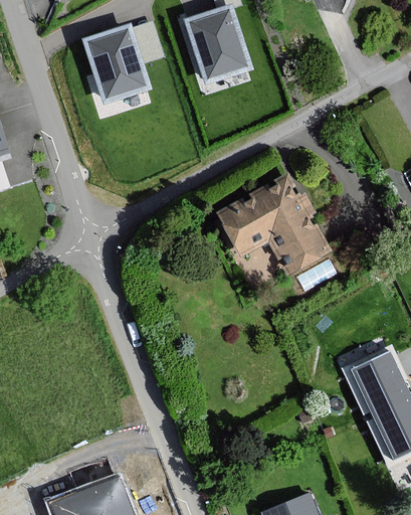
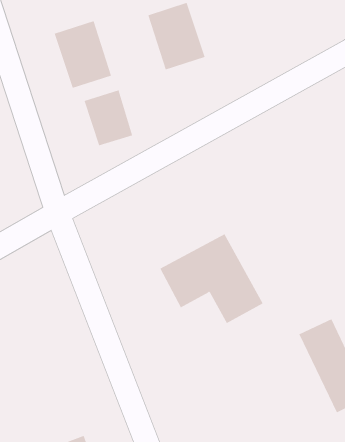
building: none -> [84,89,133,146]
building: [215,174,329,273] -> [159,234,263,324]

